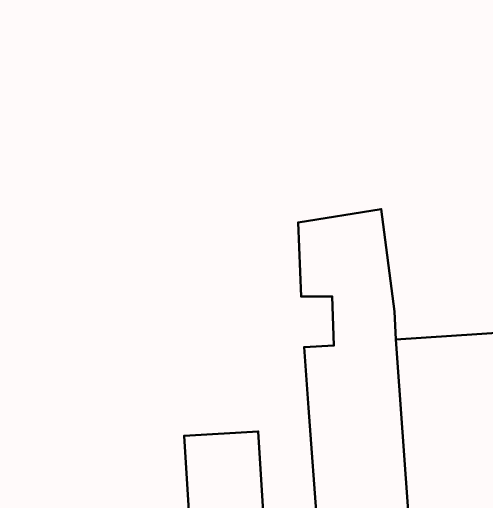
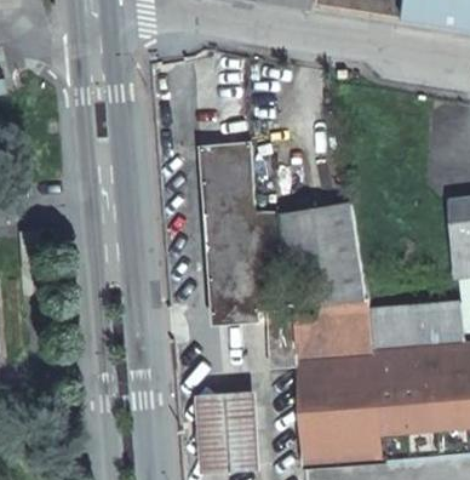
building: none -> [202,143,294,366]

